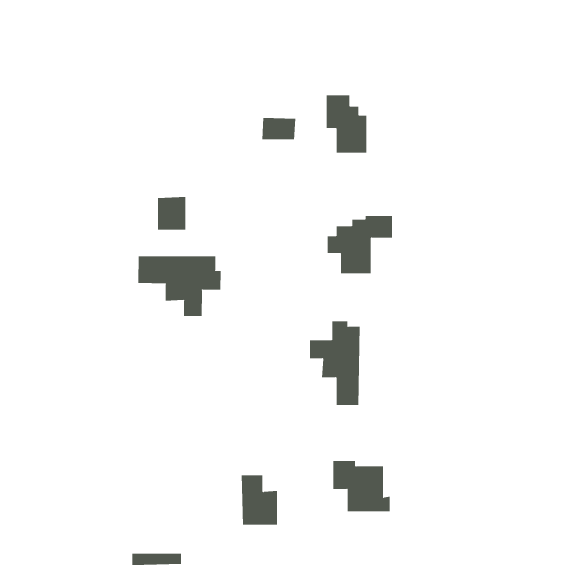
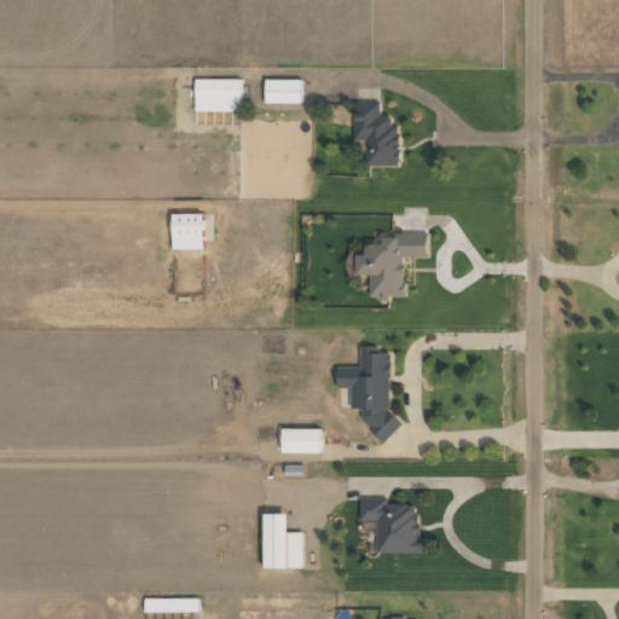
building: none -> [193,79,239,98]
building: [262,117,296,140] -> [262,79,300,103]
building: [138,255,221,317] -> none
building: none -> [280,428,319,452]

